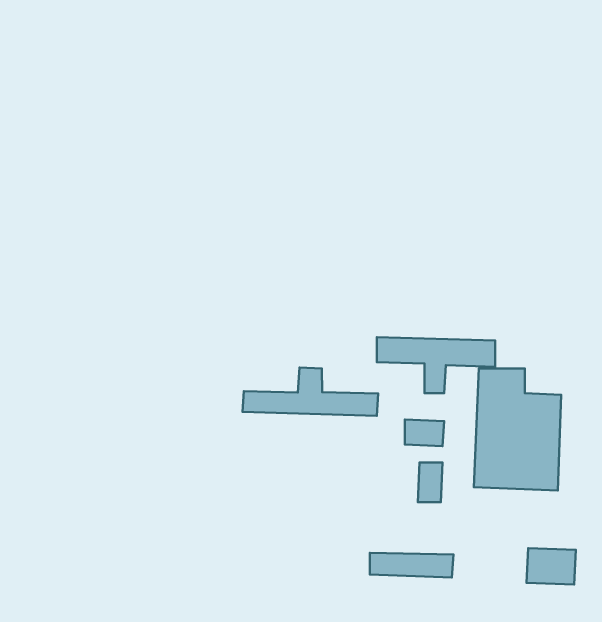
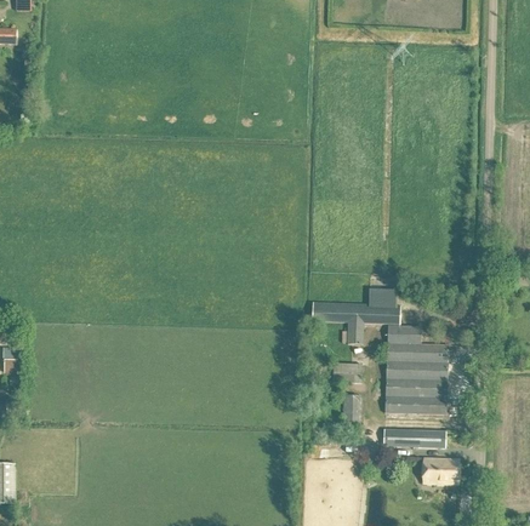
building: [242,367,378,416] -> none
building: [370,553,454,578] -> [383,428,445,446]

